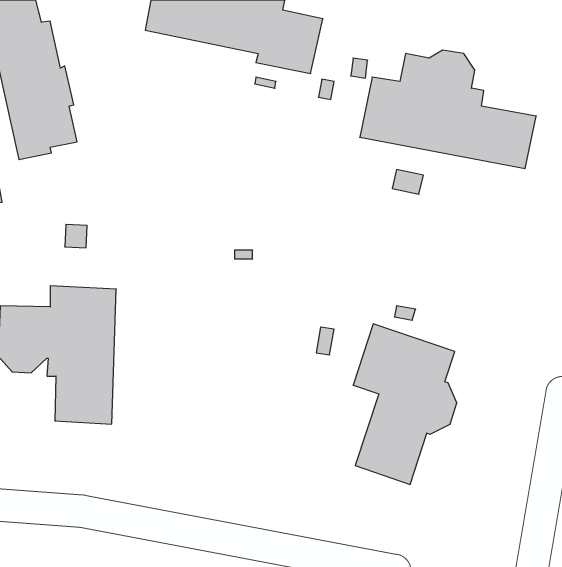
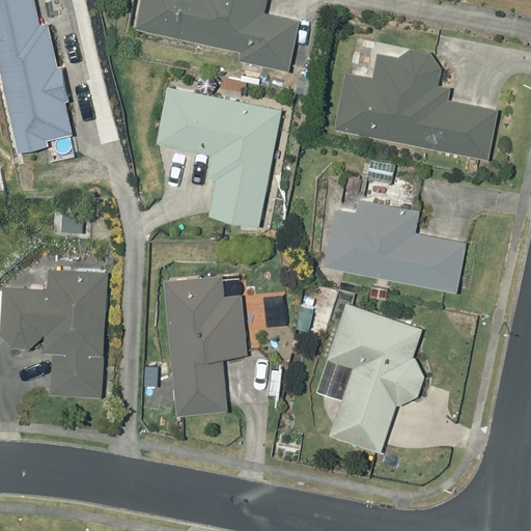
building: none -> [155,87,282,226]
building: none -> [324,199,467,294]
building: none -> [162,275,246,416]

